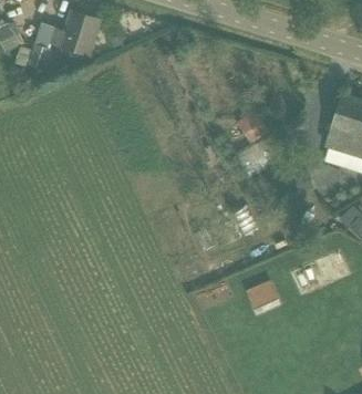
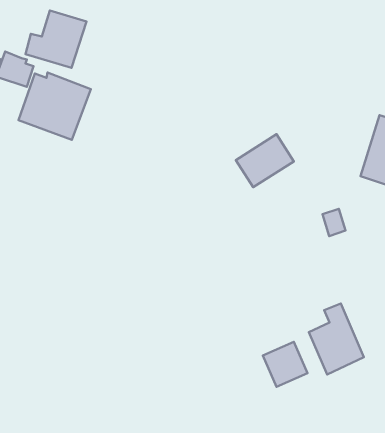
building: none -> [19,73,91,140]
building: none -> [309,304,364,375]

